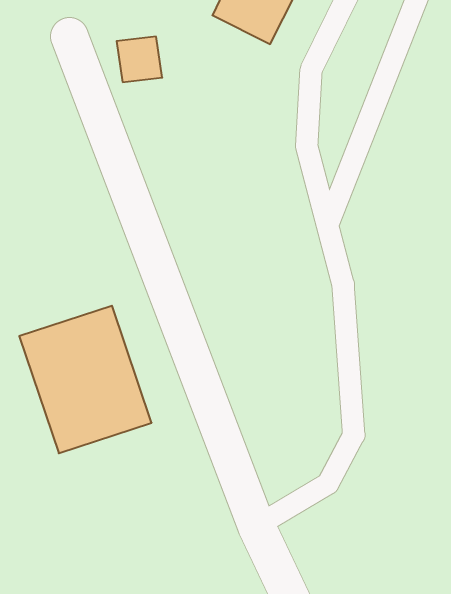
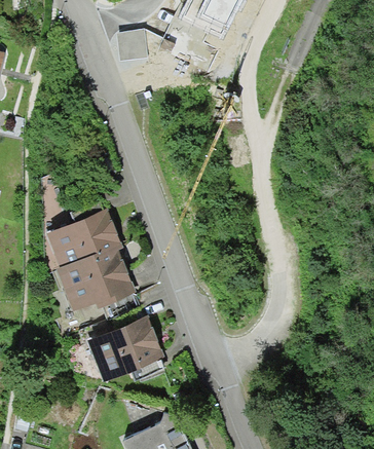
building: none -> [88,316,166,384]

